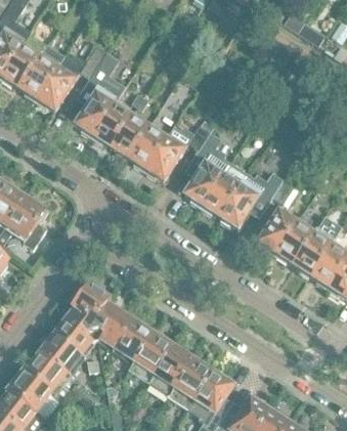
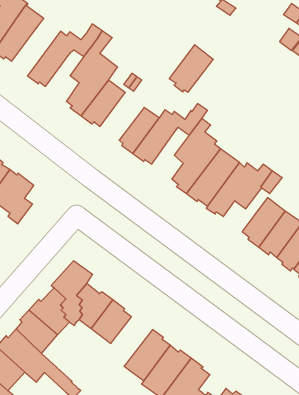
building: [18,44,64,101] -> none
building: [110,112,151,159] -> [169,45,213,92]
building: [129,332,174,381] -> none

